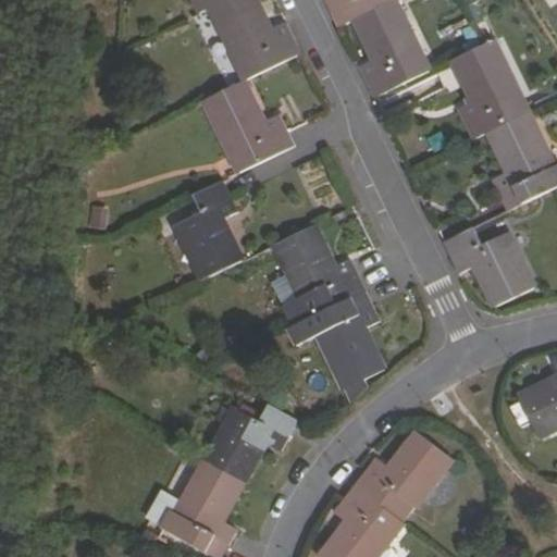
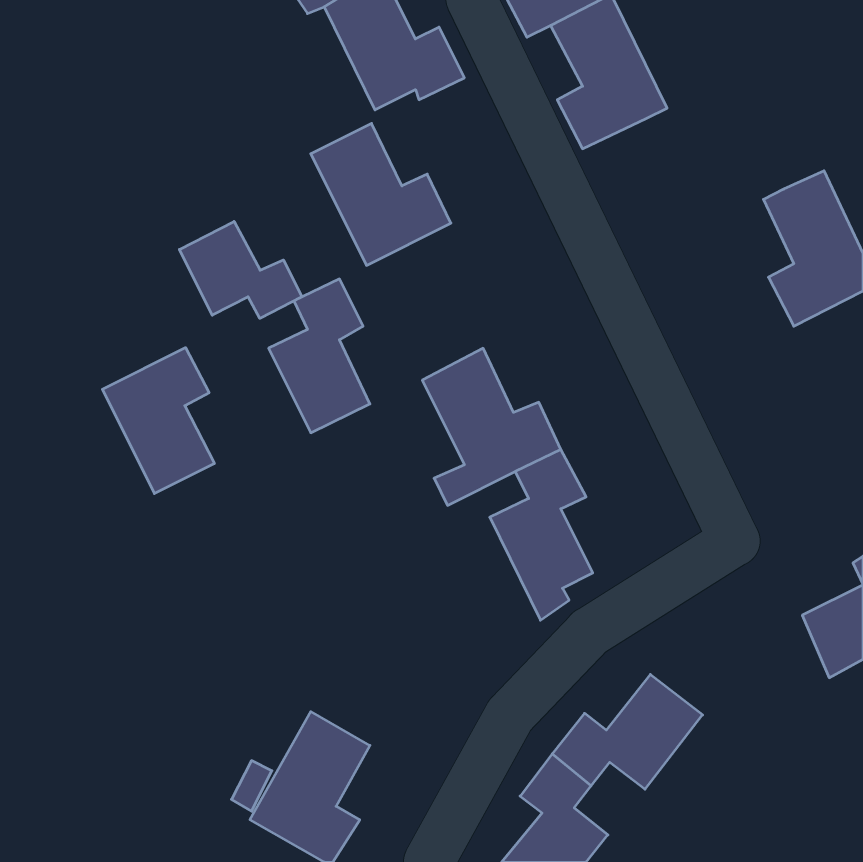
building: [456,37,522,137] -> none
building: none -> [179,221,302,318]
building: none -> [102,348,214,494]
building: [447,227,537,306] -> none
building: [200,401,293,480] -> none

